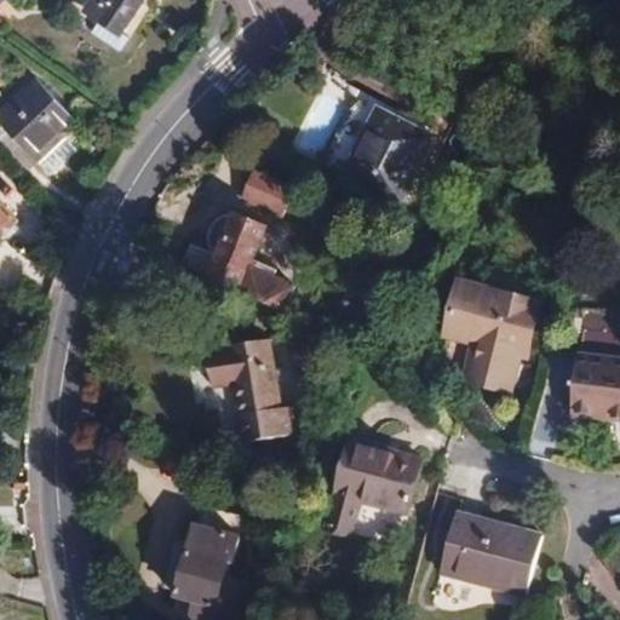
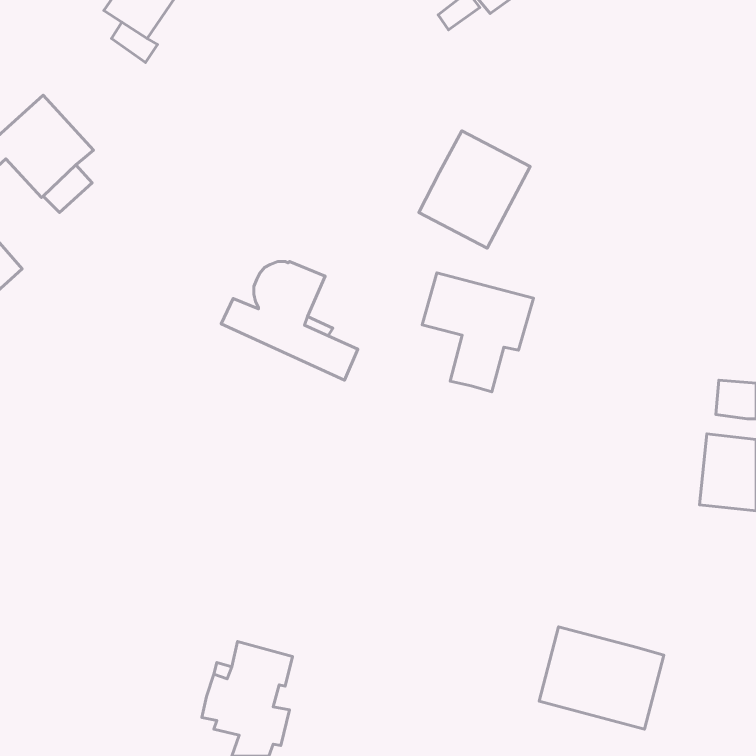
building: [241,170,293,216] -> none
building: [447,286,538,383] -> [422,273,533,392]
building: [206,338,295,441] -> none
building: [328,440,423,532] -> none

